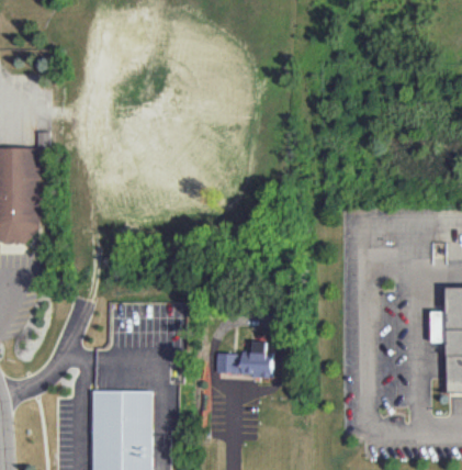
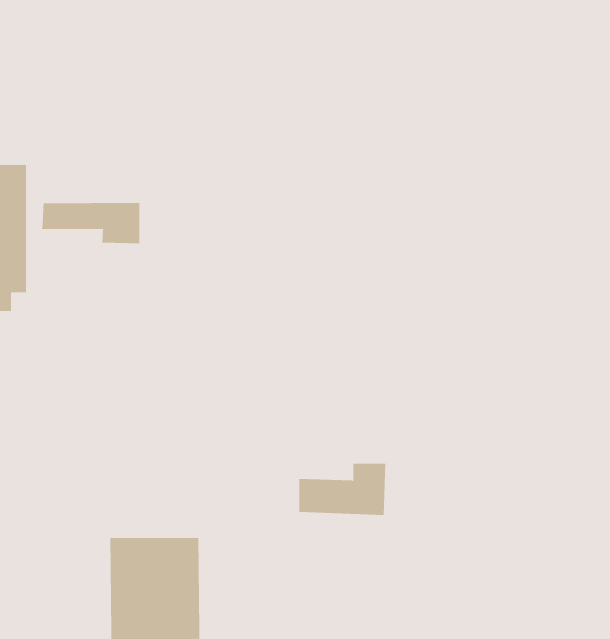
building: none -> [42,202,140,244]

